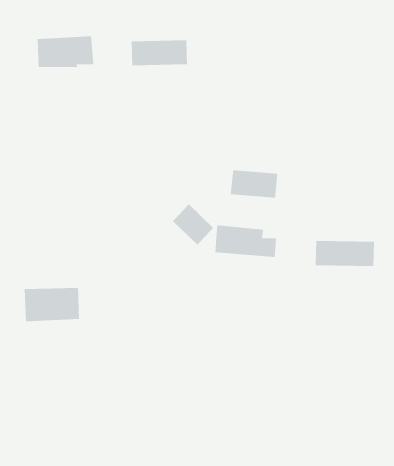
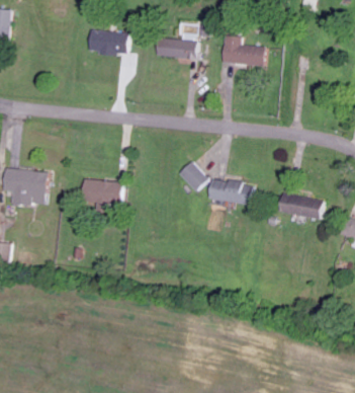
building: none -> [224,35,267,65]
building: [230,170,278,198] -> none
building: [24,287,80,322] -> [83,180,124,206]

